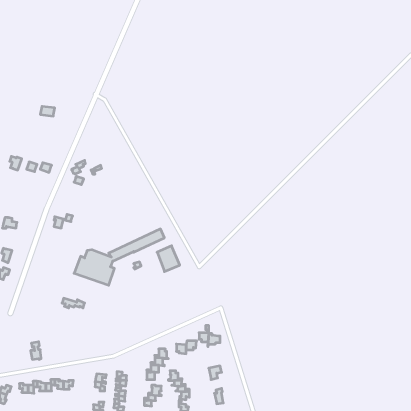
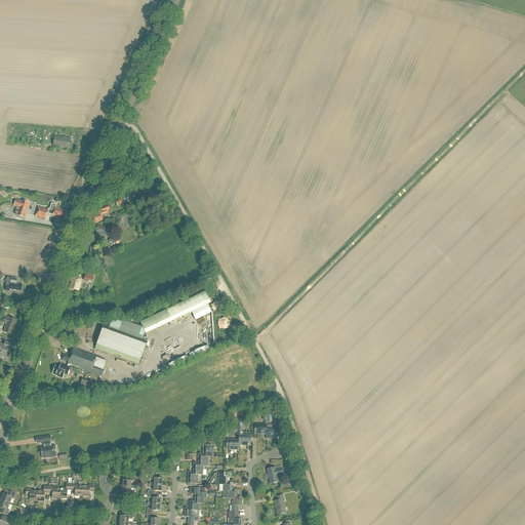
building: none -> [51,347,105,377]

